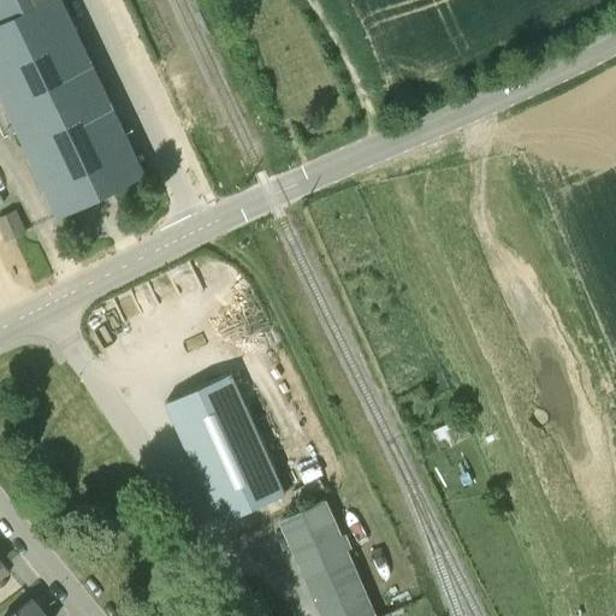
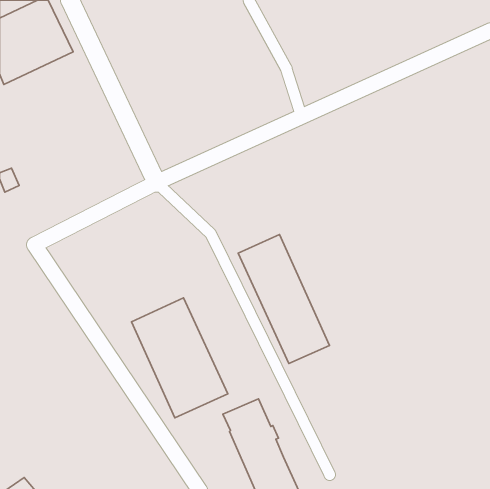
building: [5,67,144,219] -> none
building: none -> [238,234,329,364]

